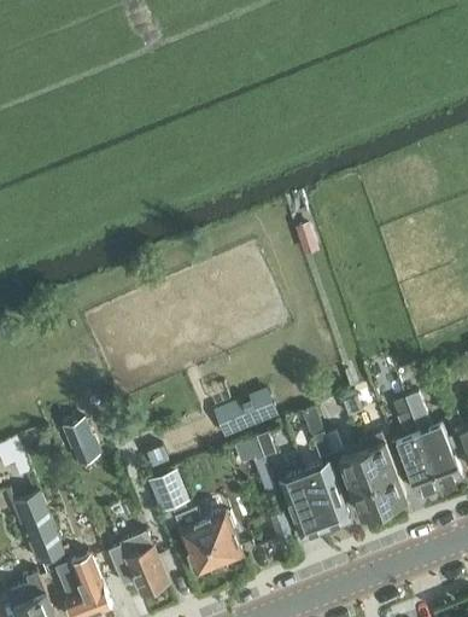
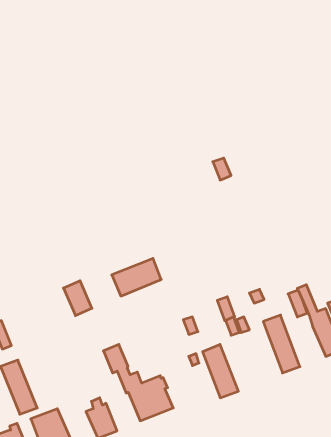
building: [211,389,276,438] -> [112,258,161,296]
building: [62,418,99,464] -> [63,281,92,316]
building: [397,431,441,495] -> none
building: [341,449,385,517] -> none
building: [303,461,350,531] -> none

